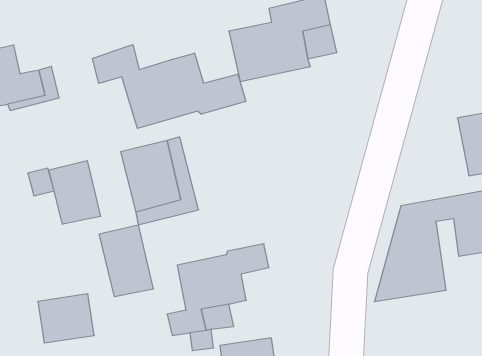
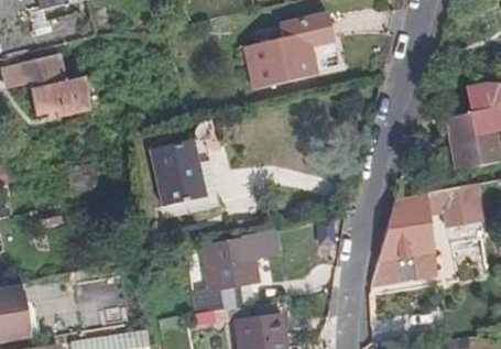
building: [92,45,246,128] -> none
building: [49,161,100,224] -> none
building: [99,225,153,297] -> none

